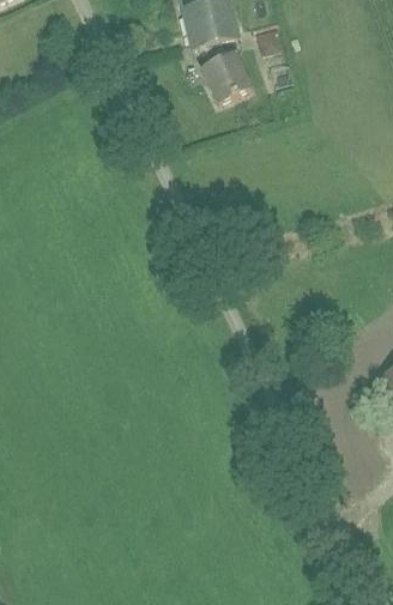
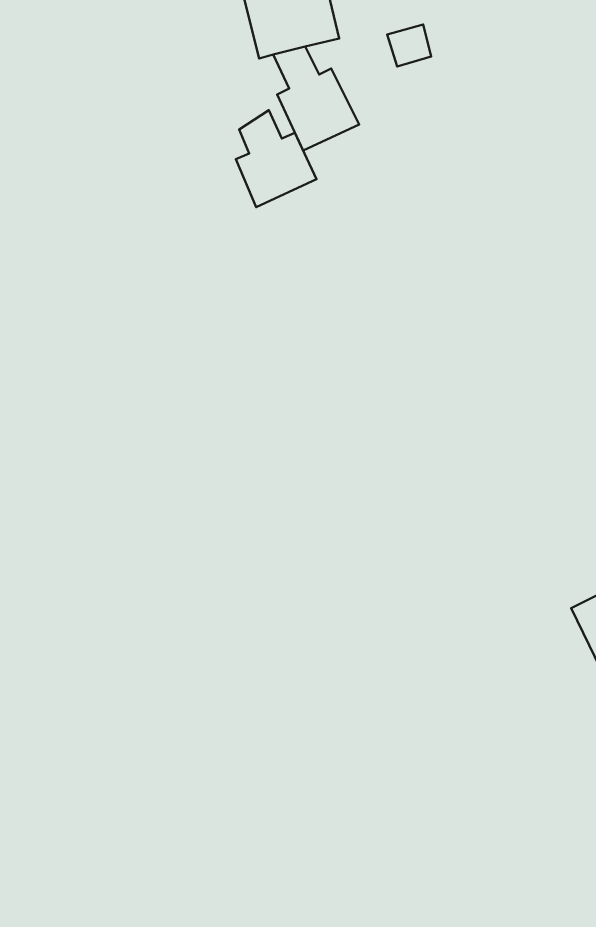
building: none -> [236,110,317,207]

